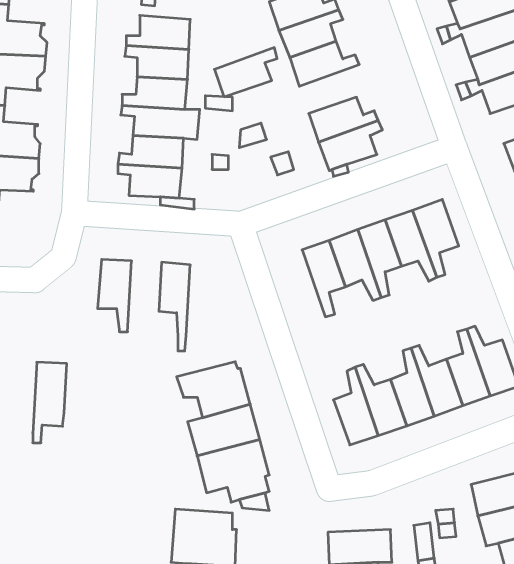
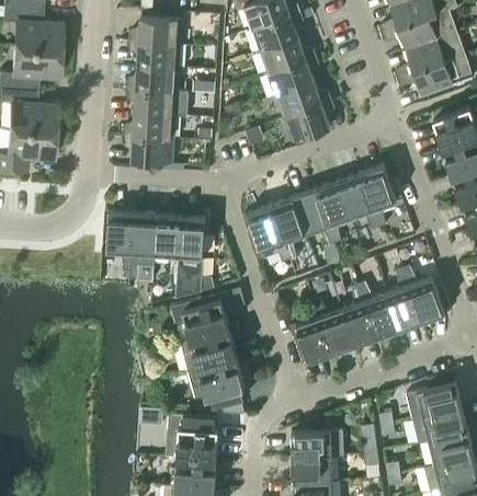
building: [214,48,277,97] -> [269,56,319,95]
building: none -> [248,205,289,261]
building: none -> [177,217,215,298]
building: [33,362,67,443] -> [130,214,158,278]

